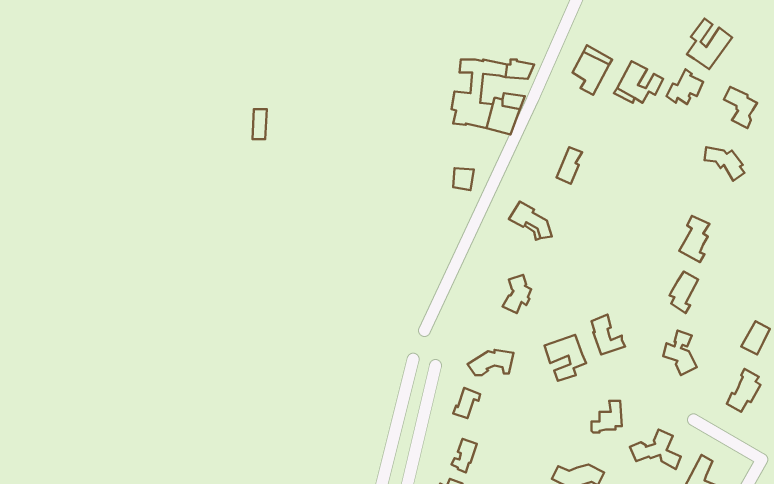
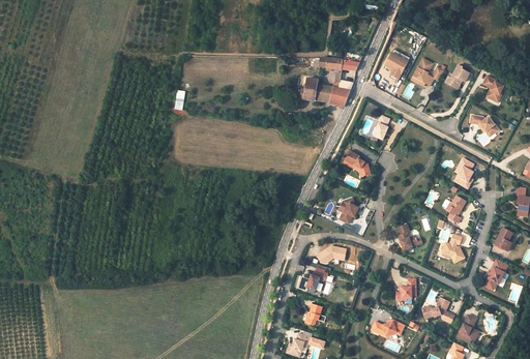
building: [687,19,732,69] -> none
building: [545,335,586,381] -> none

